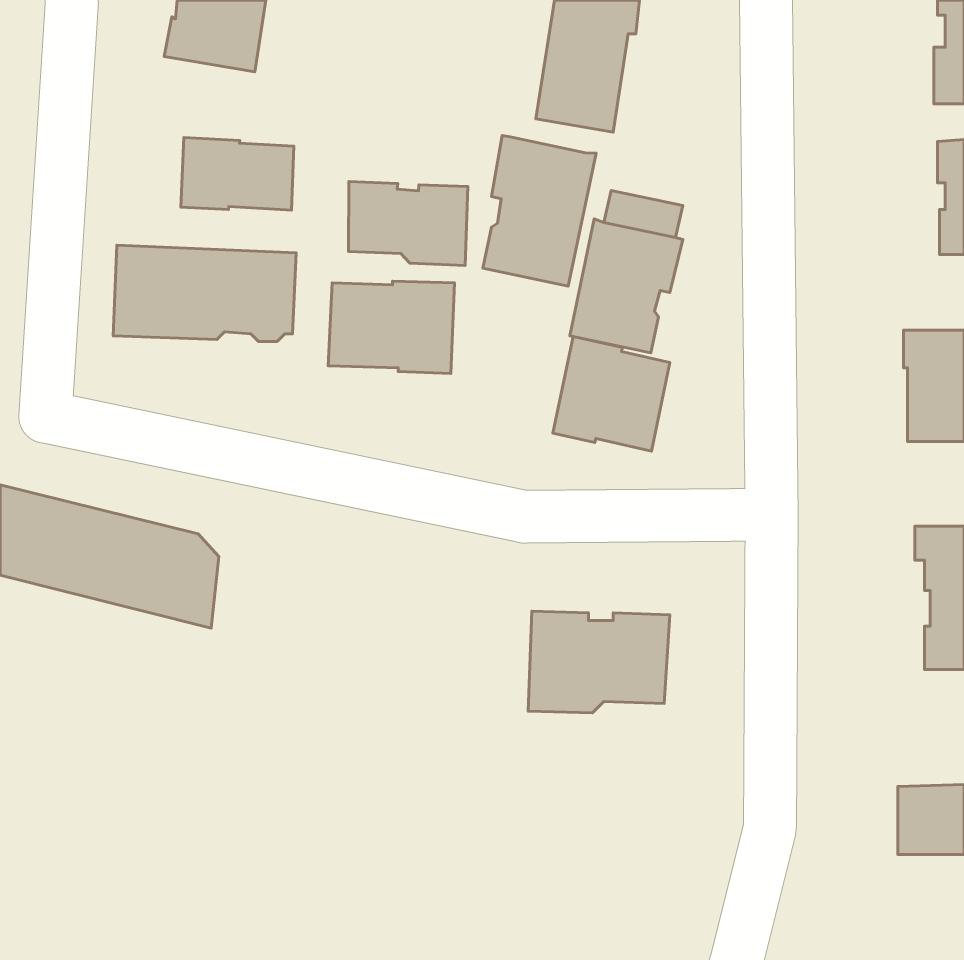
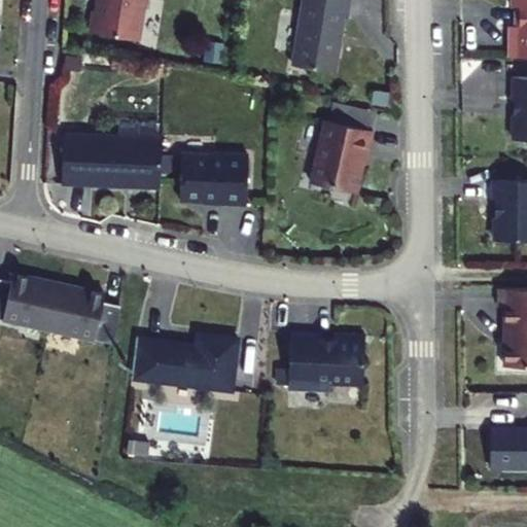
building: [483,136,596,286] -> none
building: [181,137,294,210] -> none
building: [349,181,468,265] -> none
building: [553,336,670,451] -> none
building: none -> [132,335,238,392]

